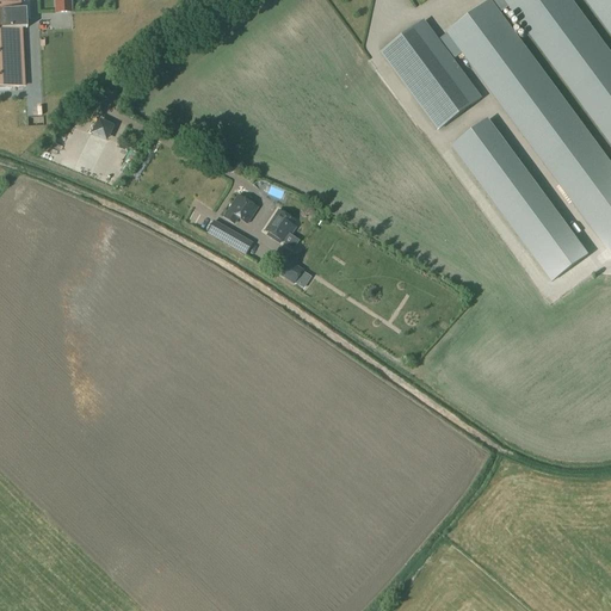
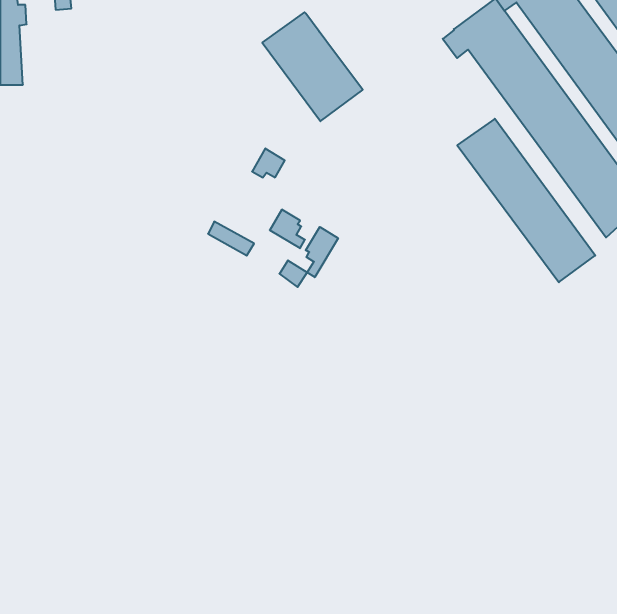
building: [382,19,481,126] -> [262,12,363,121]
building: [226,192,258,221] -> [252,148,285,177]
building: none -> [306,227,338,277]

